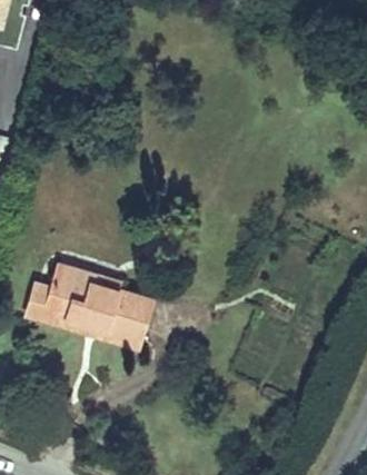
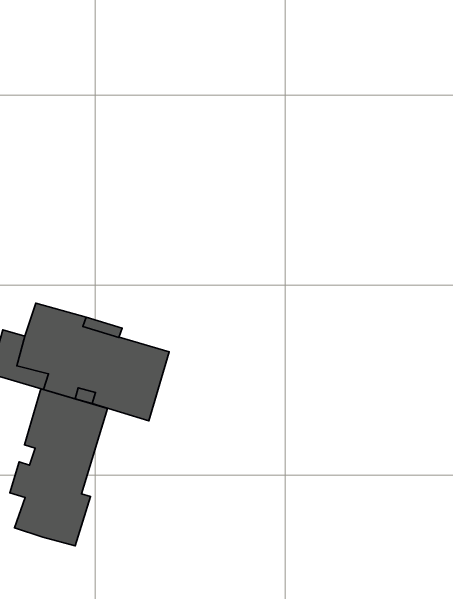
building: none -> [10,389,107,546]

